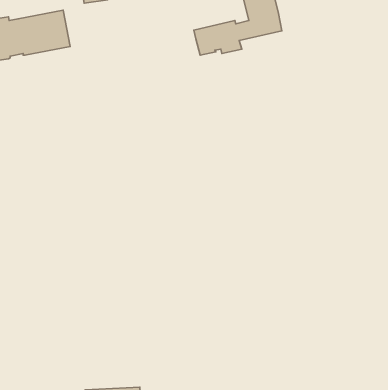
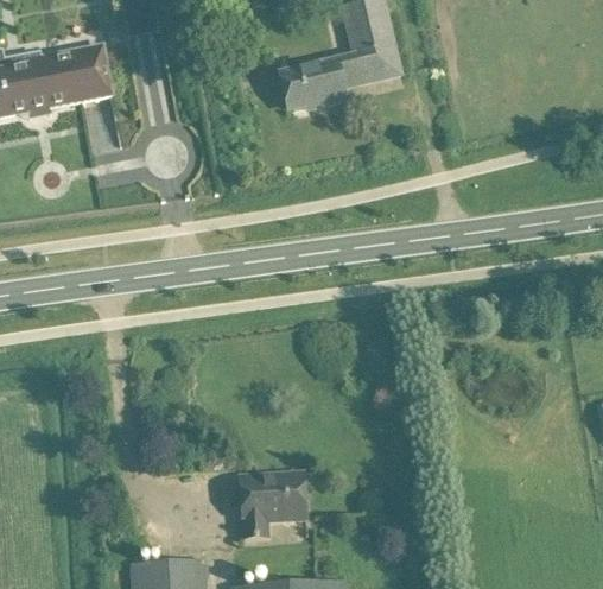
building: none -> [240,471,306,539]

